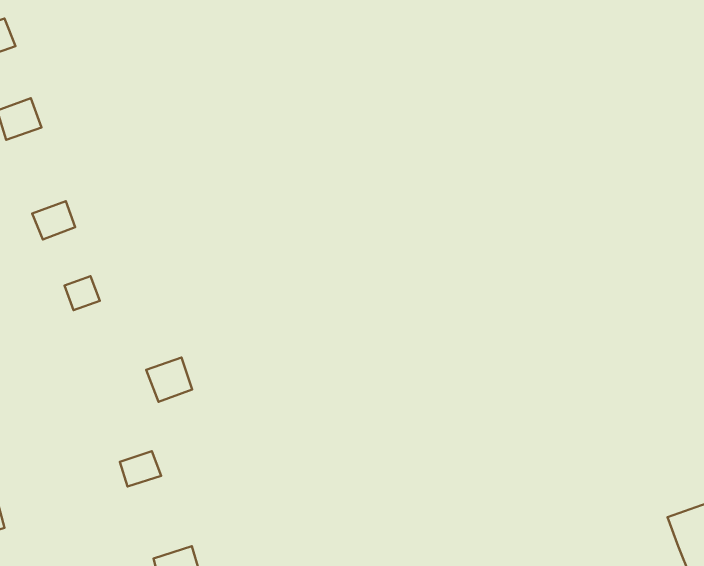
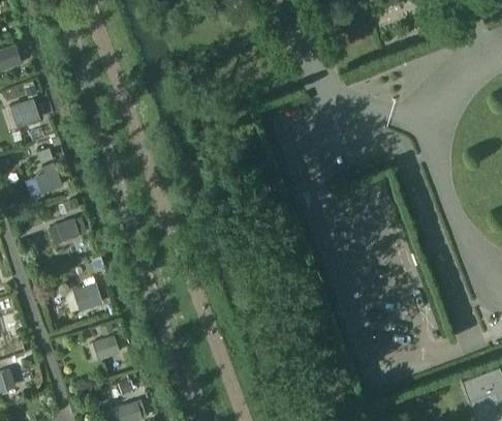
building: [146,357,192,402] -> [71,281,102,311]

